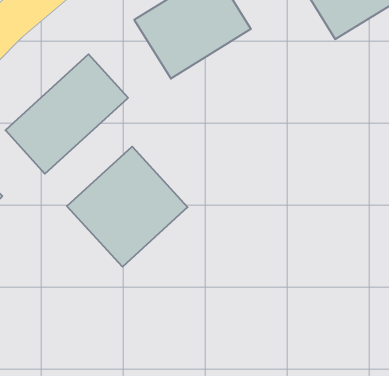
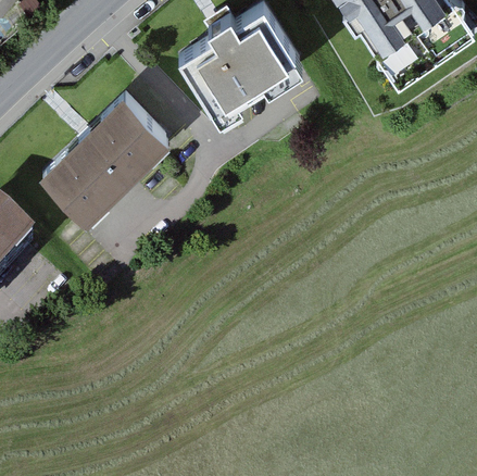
building: [67,147,188,267] -> none

